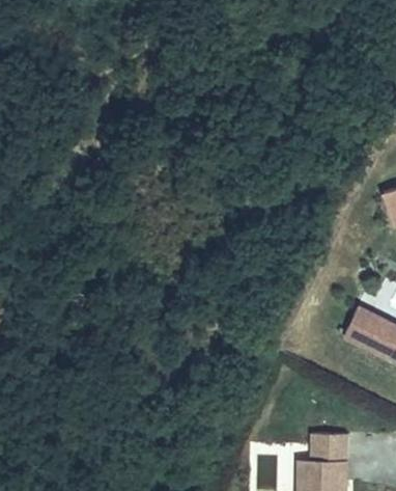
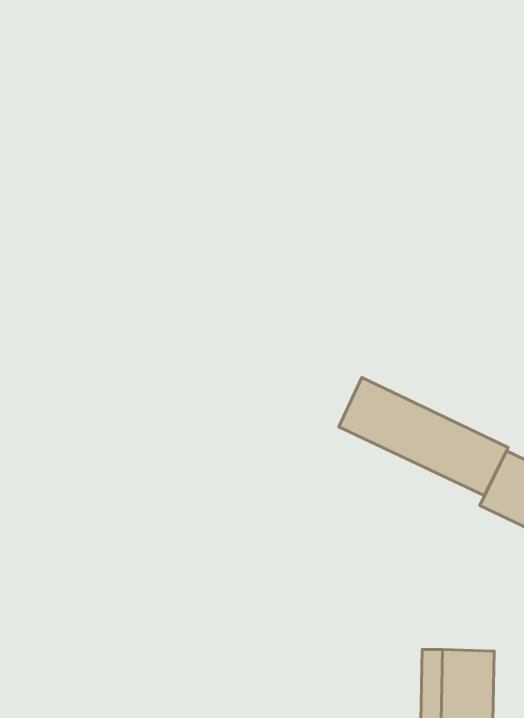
building: none -> [339,378,508,495]

